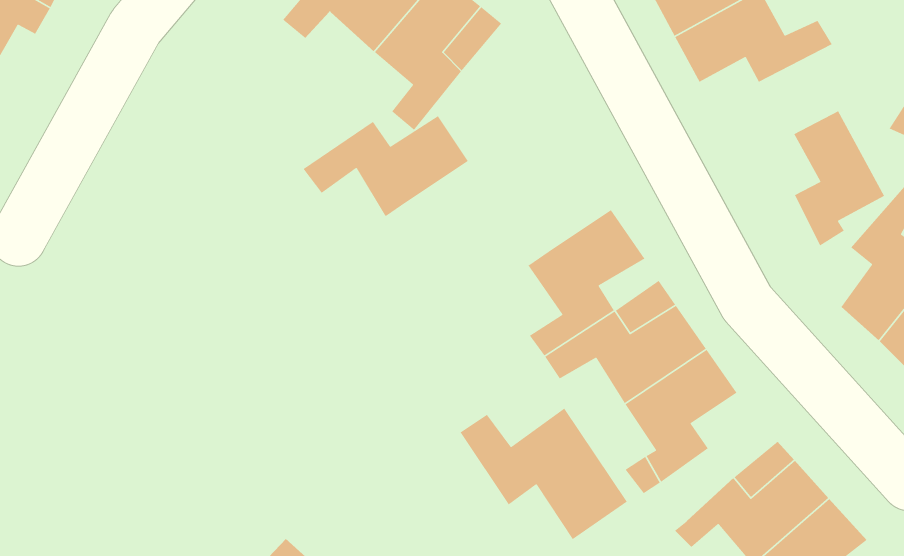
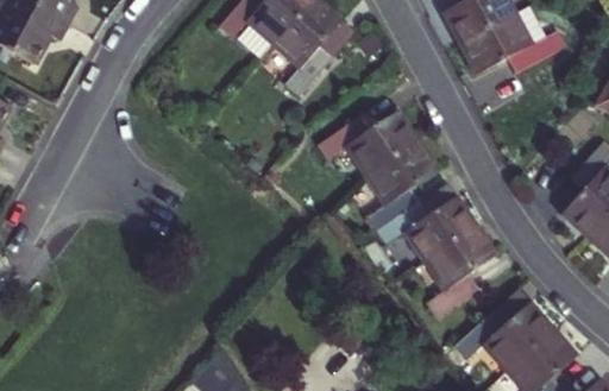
building: [793,110,885,247] -> none
building: [302,115,469,217] -> [316,120,420,183]
building: [460,408,628,540] -> none

